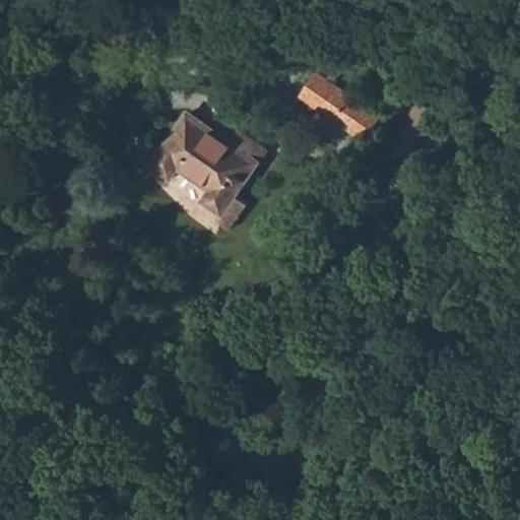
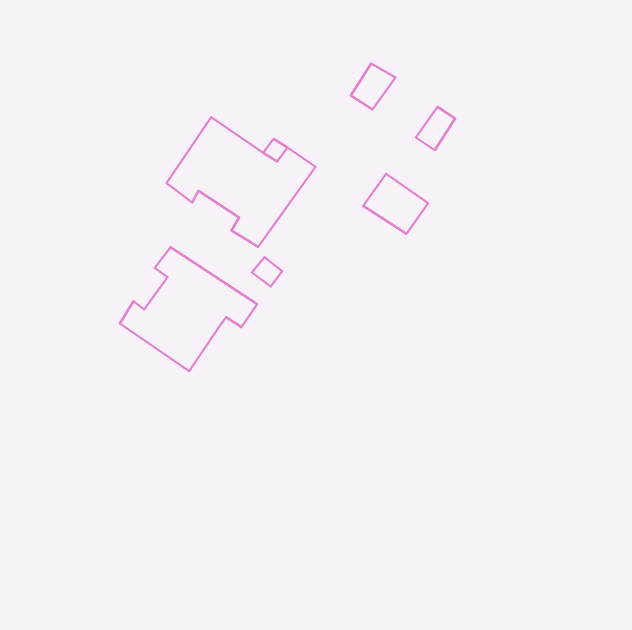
building: [312,78,364,126] -> [363,174,428,234]
building: none -> [120,247,257,371]

